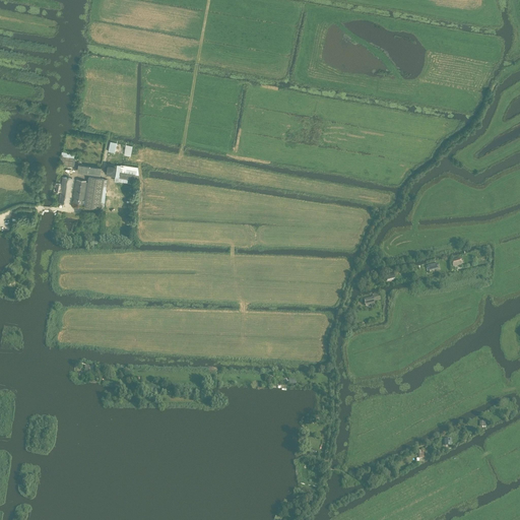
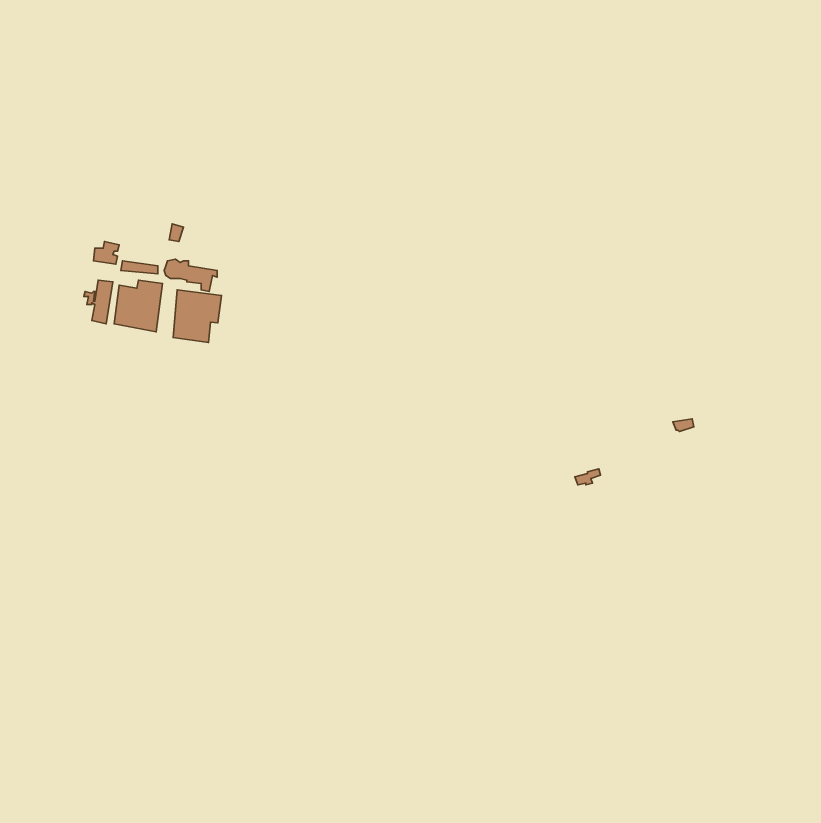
building: none -> [173,290,221,342]

